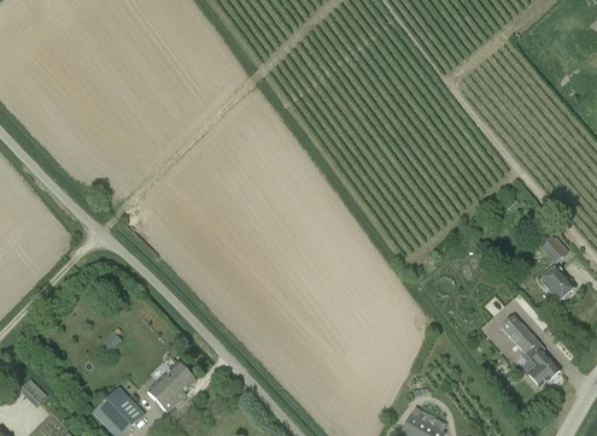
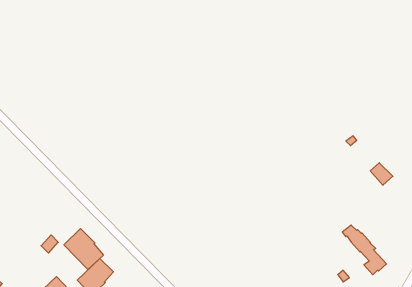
building: [539,265,574,300] -> none
building: none -> [64,229,103,270]

